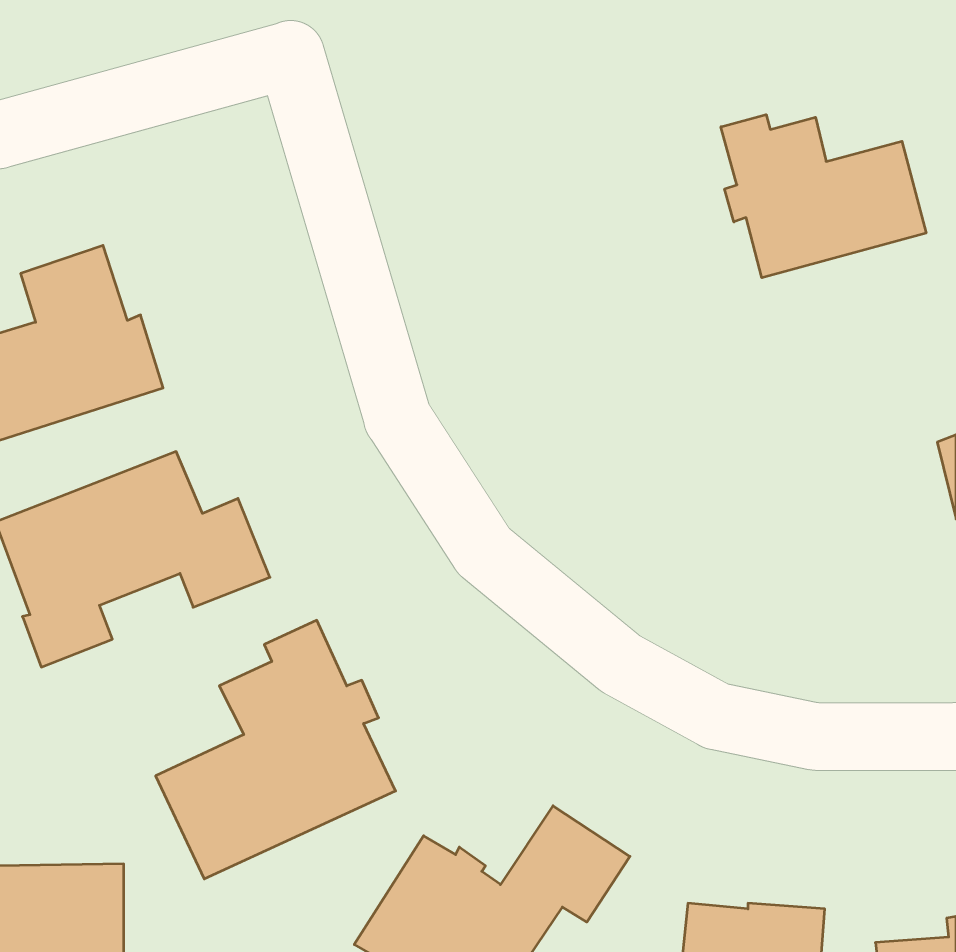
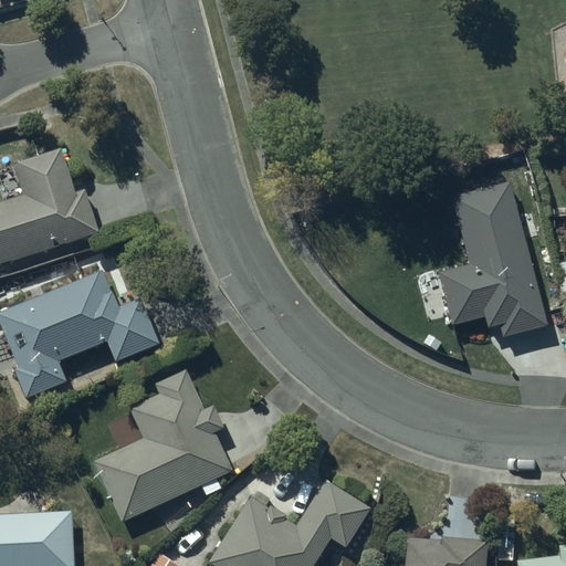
building: [721,115,926,278] -> none
building: none -> [441,193,544,343]

